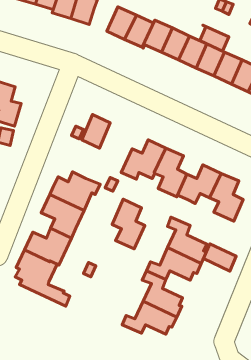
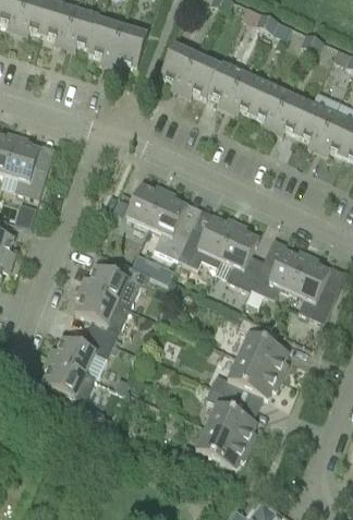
building: [200,25,229,51] -> none
building: [112,199,145,249] -> [149,194,192,258]
building: [204,244,236,271] -> none

